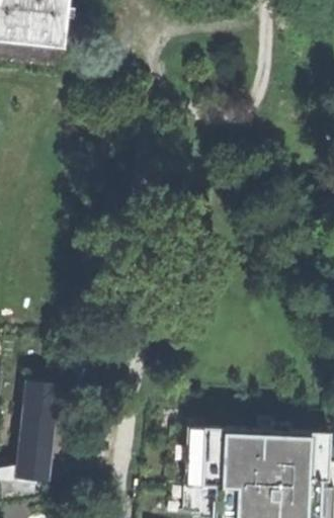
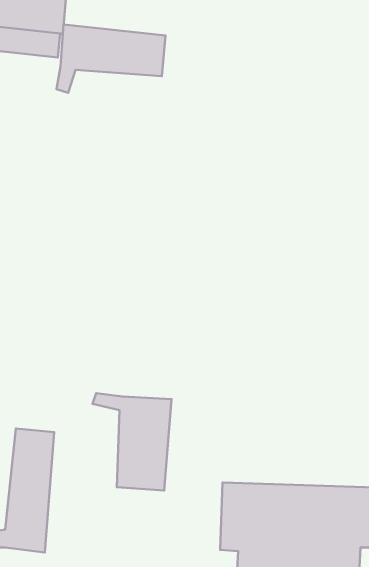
building: none -> [57,25,166,93]
building: none -> [92,393,171,491]

